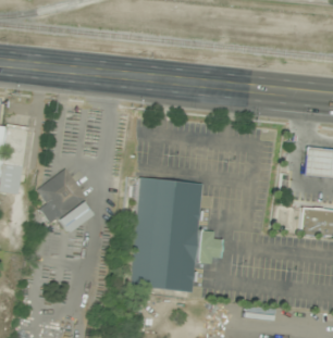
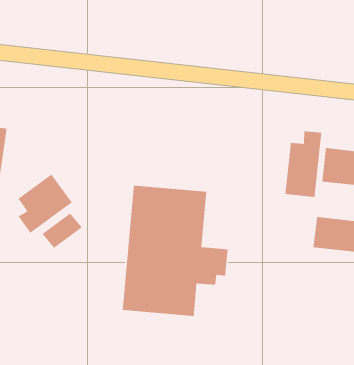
building: none -> [284,131,322,198]

